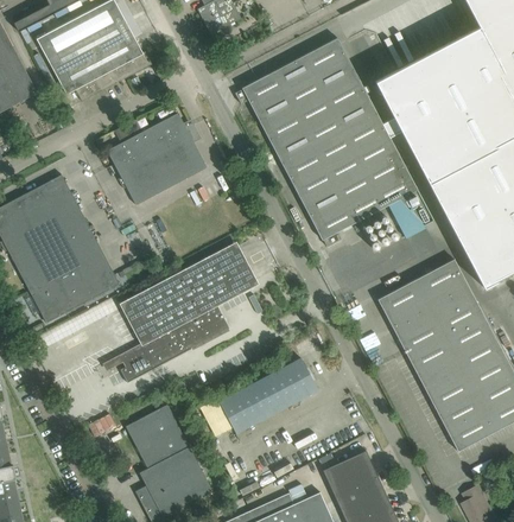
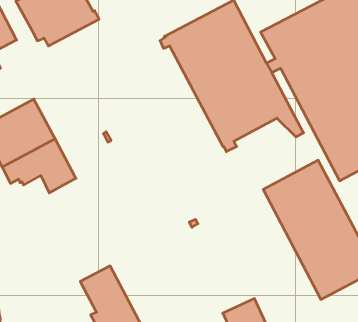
building: [107,113,207,205] -> none
building: [120,246,254,382] -> none
building: [25,280,82,323] -> none
building: [217,358,317,434] -> none

